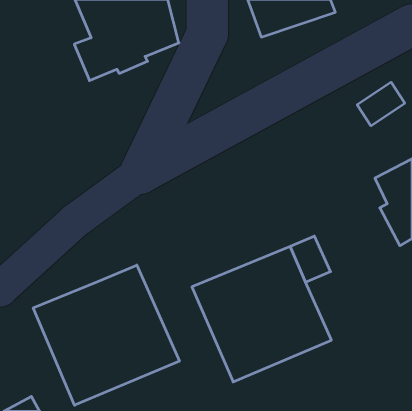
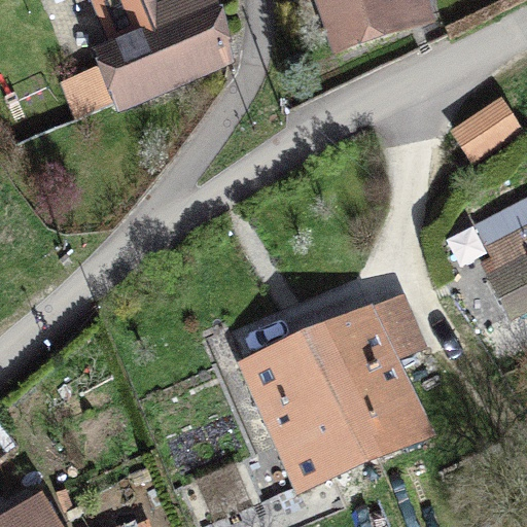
building: [33,265,179,405] -> none

